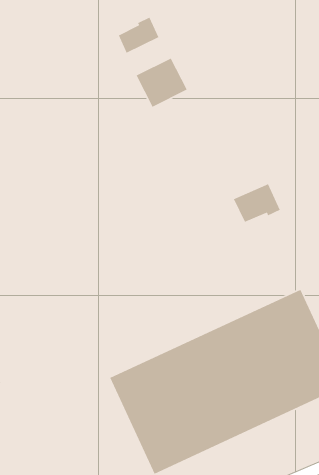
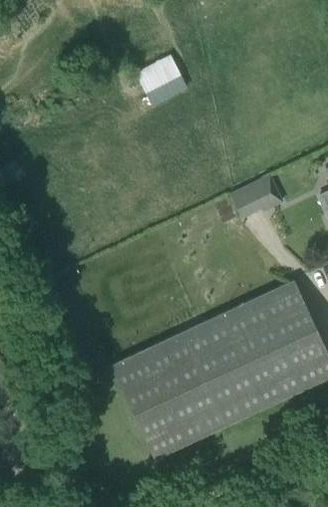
building: [118,17,160,54] -> none

